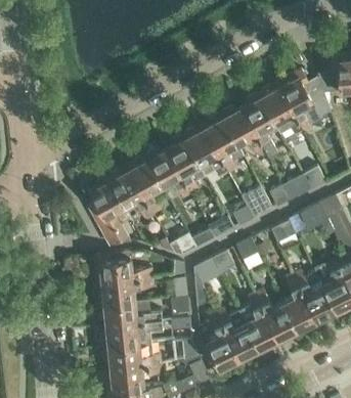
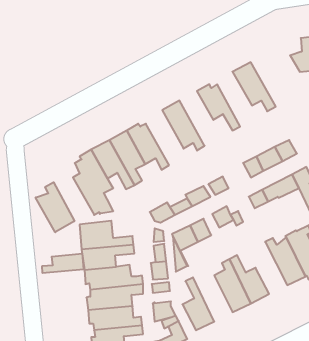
building: [278,71,334,132] -> none
building: [243,95,279,160] -> none
building: [203,116,245,174] -> none
building: [167,136,207,194] -> none
building: [243,187,273,219] -> none
building: none -> [36,182,74,232]
building: [283,276,317,331] -> none
building: none -> [42,254,84,273]
building: [217,310,259,361] -> none

